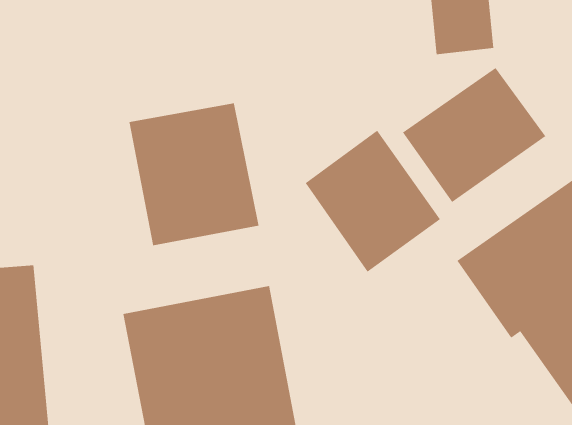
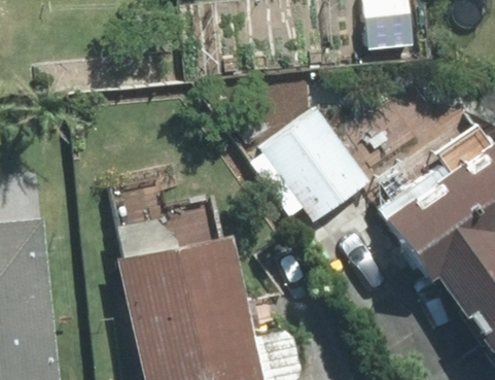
building: [402,67,546,203] -> none
building: [129,103,259,246] -> none

